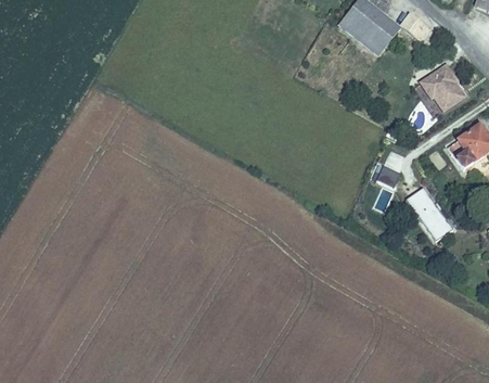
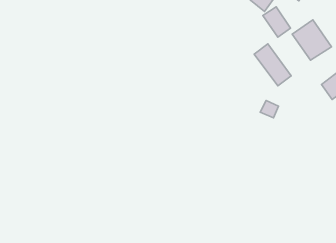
building: none -> [263,7,290,37]
building: [402,189,450,243] -> [254,44,291,86]

